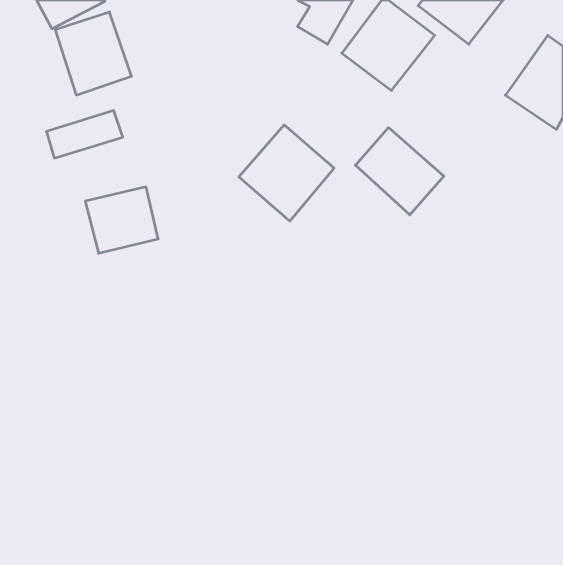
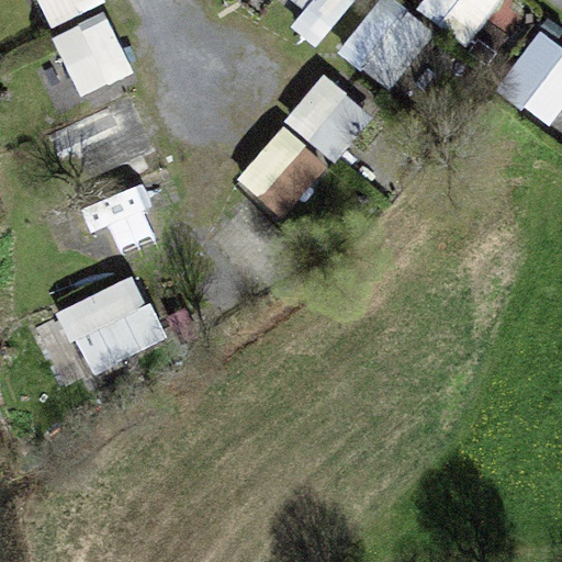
building: [355,128,444,215] -> [288,79,375,166]
building: none -> [57,272,167,379]

